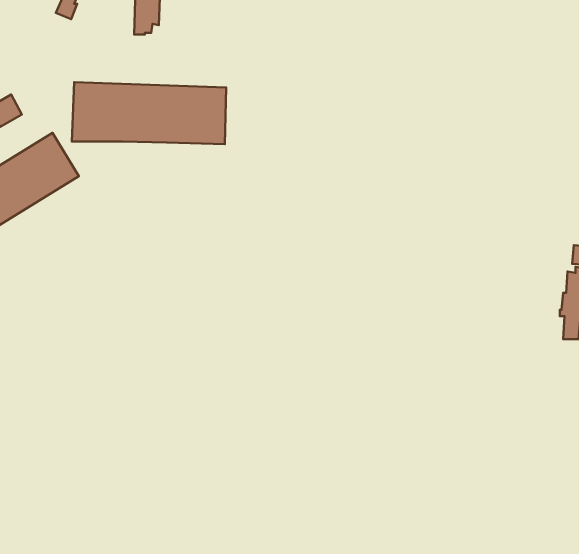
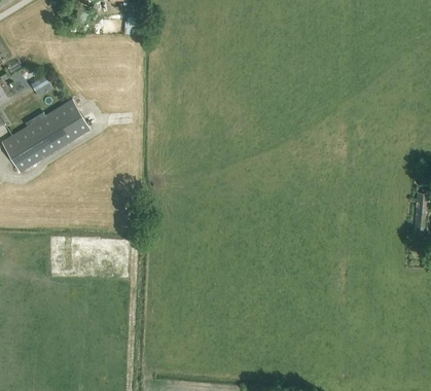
building: [72,82,226,144] -> none

